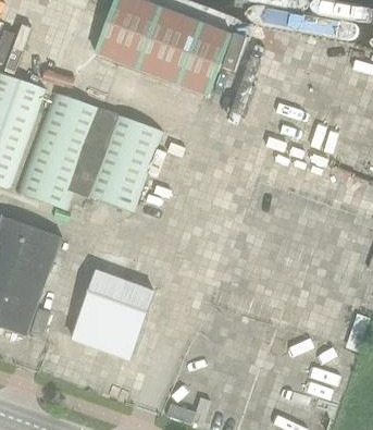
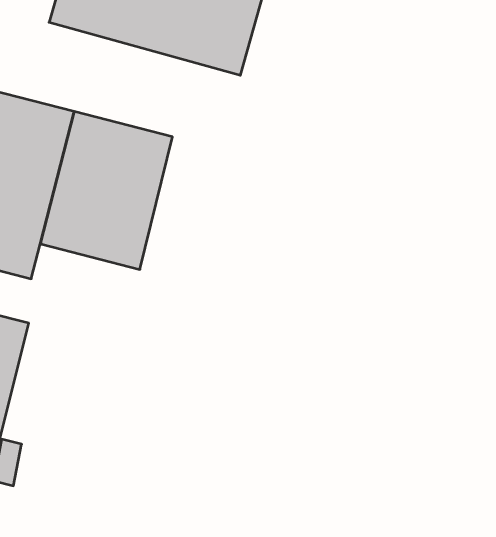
building: [71,270,154,360] -> none

